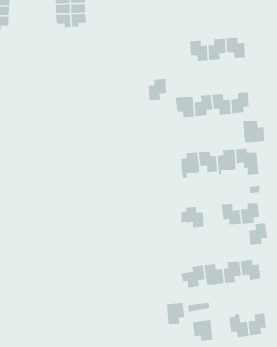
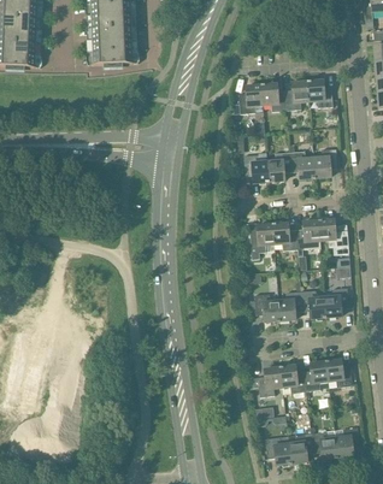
building: [148,78,167,101] -> [240,84,264,113]
building: [242,120,265,143] -> none
building: [249,222,268,245] -> [281,290,305,319]
building: [166,302,185,325] -> [290,432,314,461]

